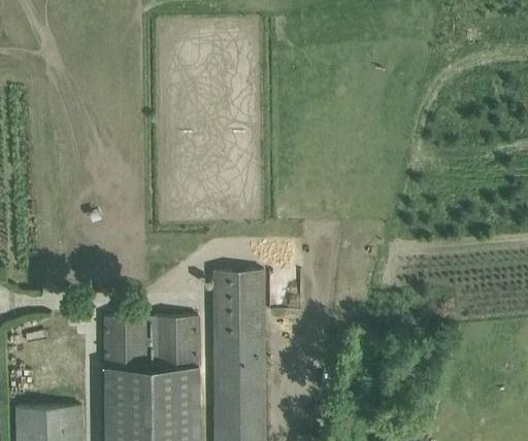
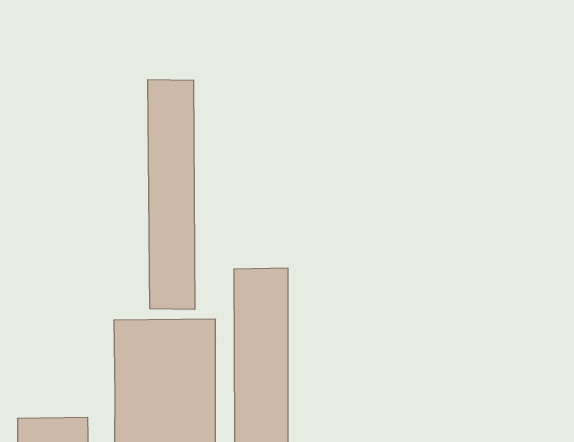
building: none -> [148,80,195,309]

